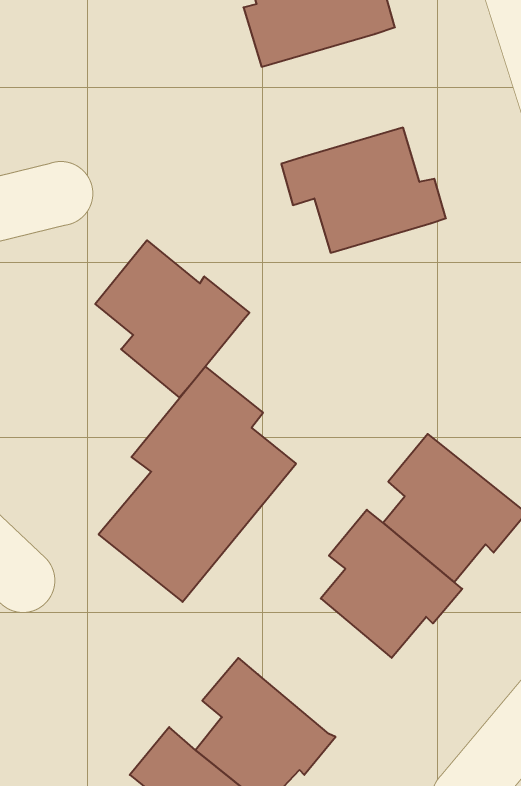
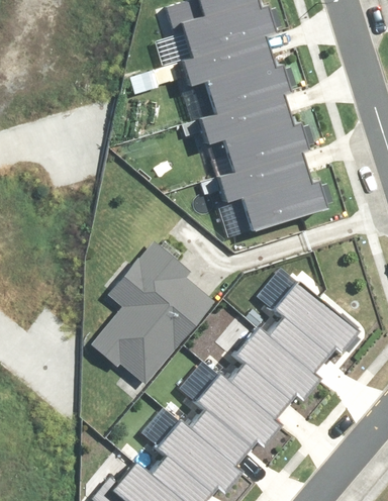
building: none -> [184,36,288,112]
building: none -> [219,153,325,229]
building: [95,240,249,397] -> none
building: none -> [190,374,277,466]

